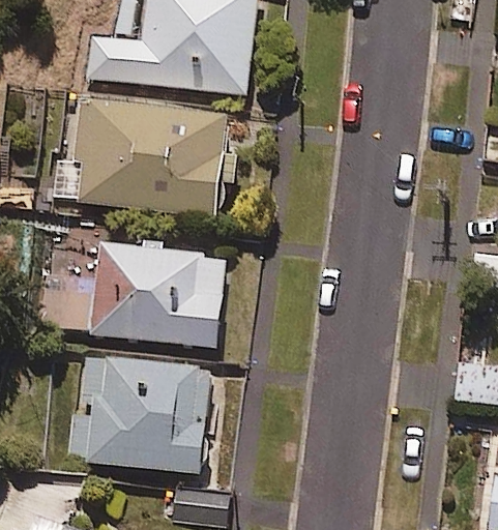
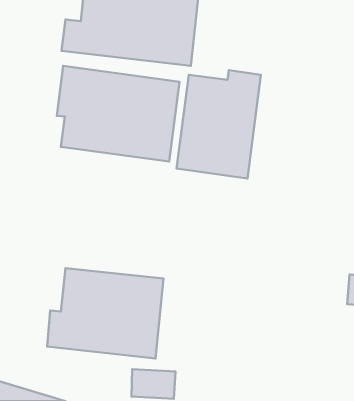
building: none -> [176,70,261,178]
building: [88,239,230,349] -> none

